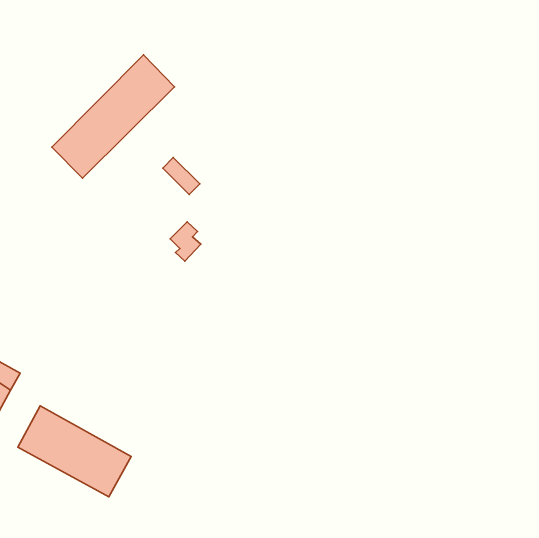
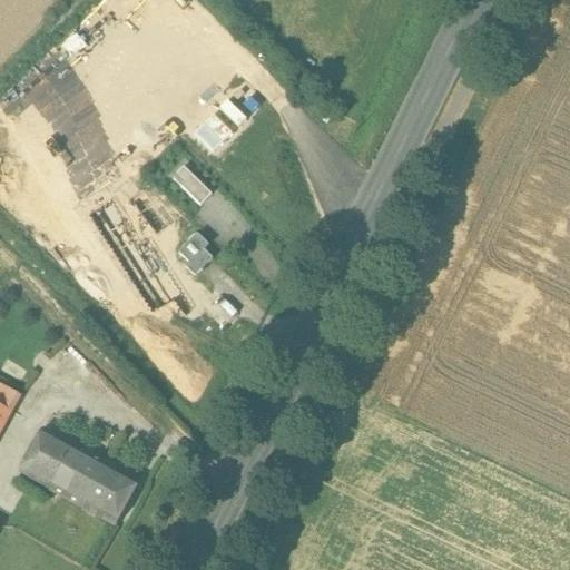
building: [52,55,175,178] -> none

